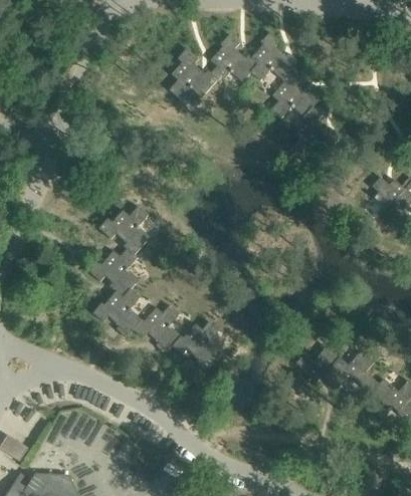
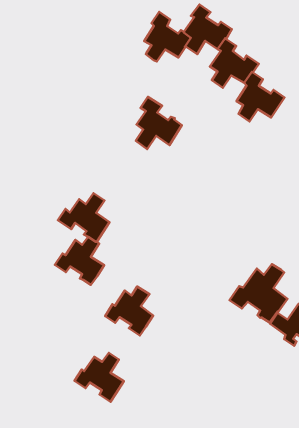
building: [168,48,216,100] -> [136,97,182,149]
building: [92,289,142,338] -> [74,353,124,402]
building: none -> [229,264,287,323]
building: [172,322,221,371] -> none

